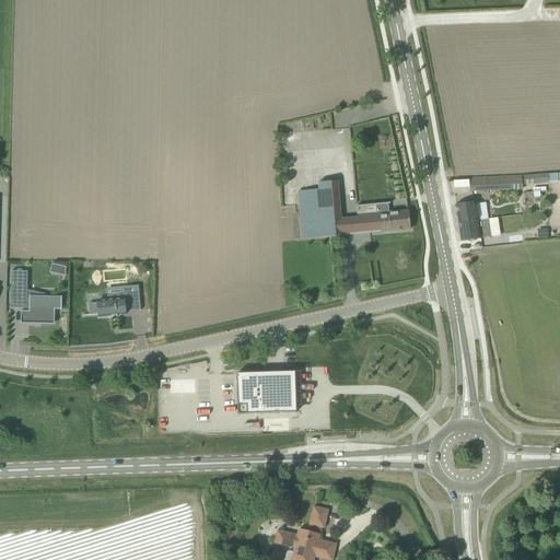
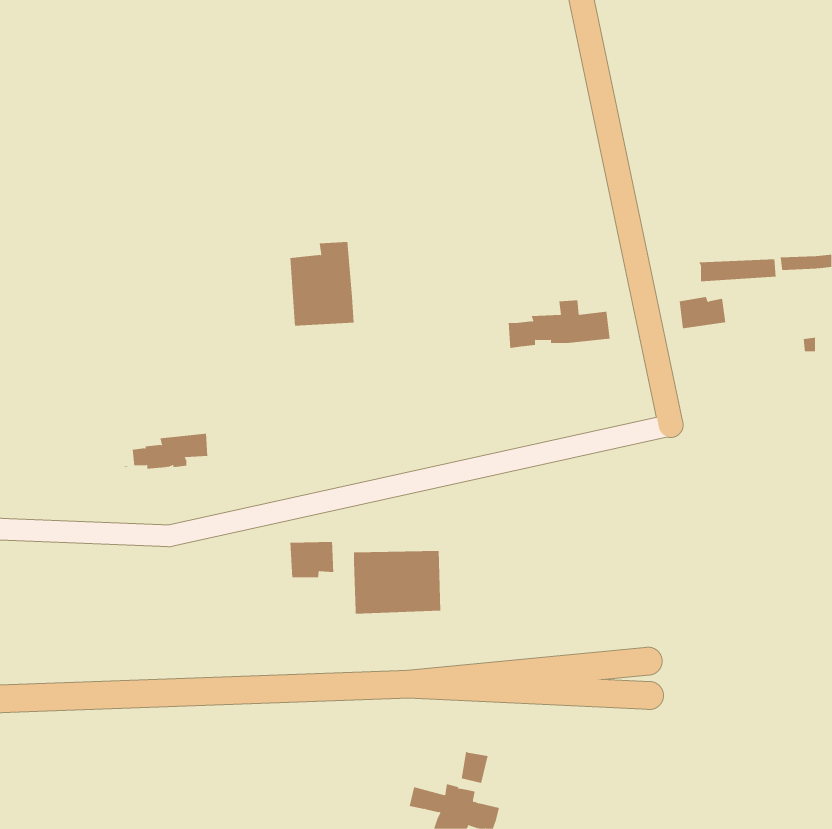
building: [299,179,342,236] -> [289,241,355,326]
building: [458,217,490,240] -> none
building: [10,269,61,322] -> none
building: none -> [290,541,334,578]

